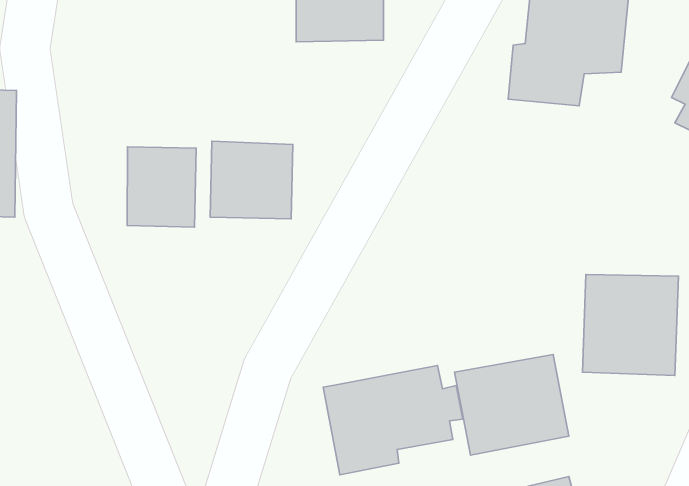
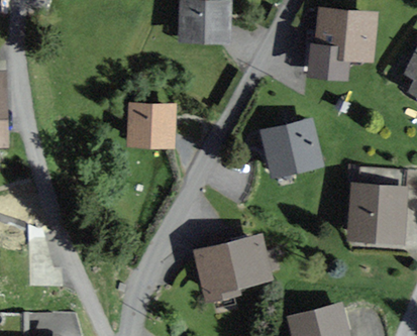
building: [127,147,196,227] -> none
building: none -> [259,116,324,179]
building: [454,354,569,455] -> none

